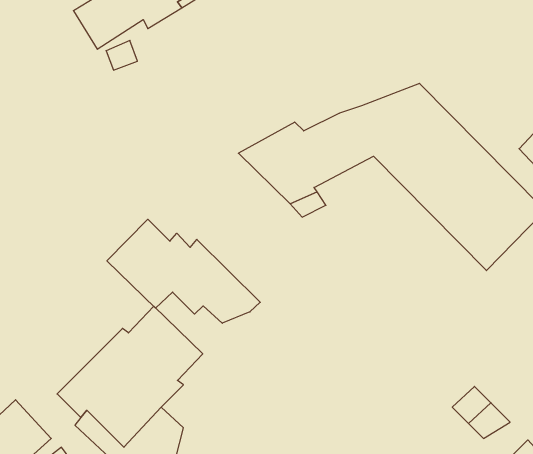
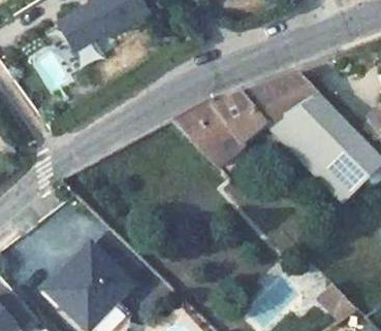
building: [107,219,260,323] -> none

